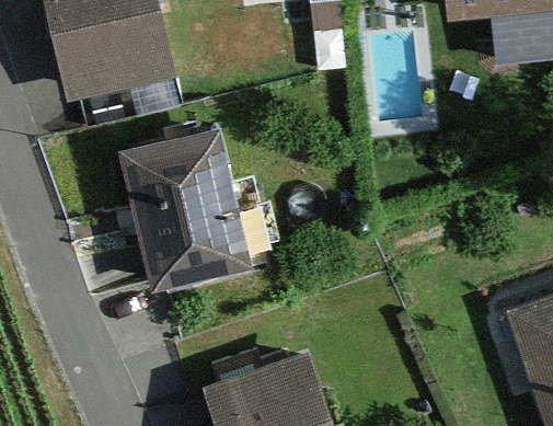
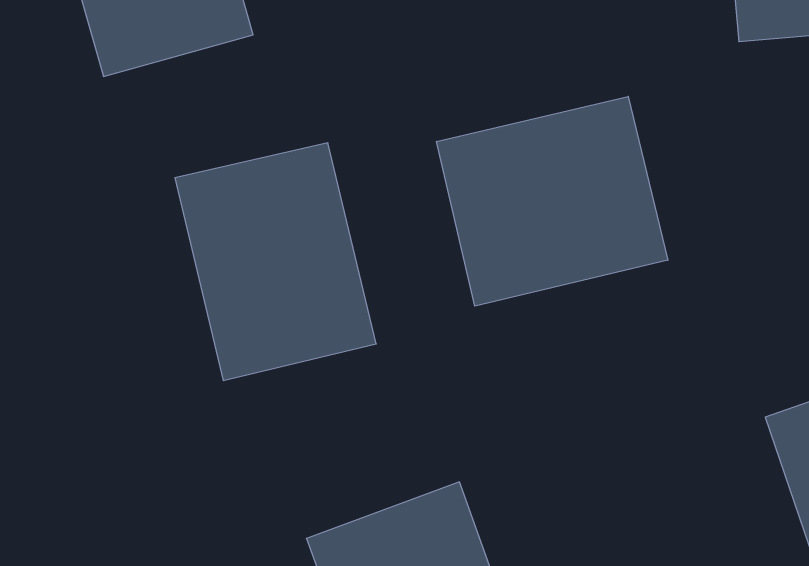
building: none -> [437,96,668,306]

